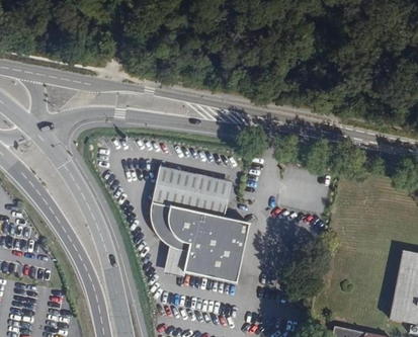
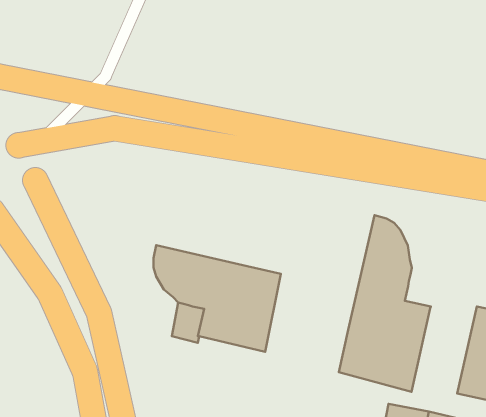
building: [152,164,232,218] -> none
building: none -> [339,215,431,392]

